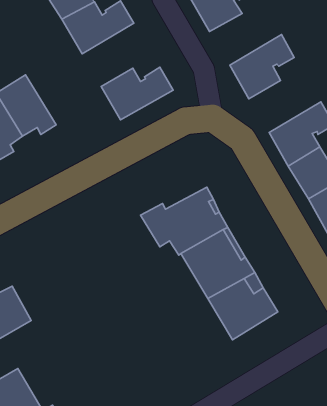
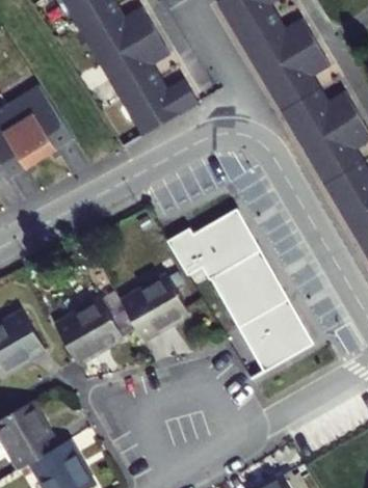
building: none -> [238,19,316,75]
building: none -> [100,29,169,98]
building: none -> [281,90,359,147]
building: none -> [121,276,189,341]
building: none -> [55,301,123,363]

